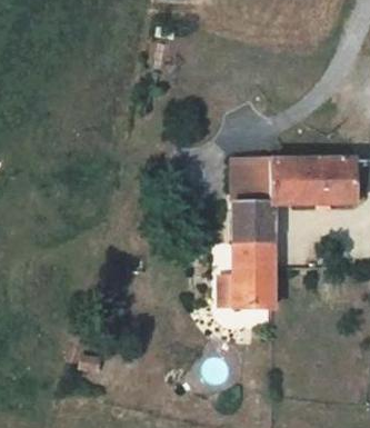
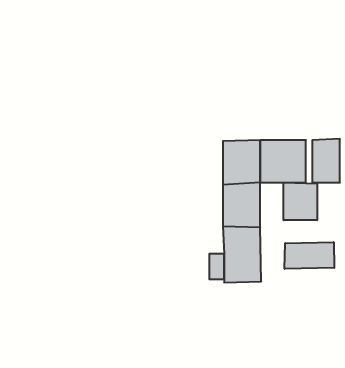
building: none -> [284,183,317,220]
building: none -> [285,242,334,269]

